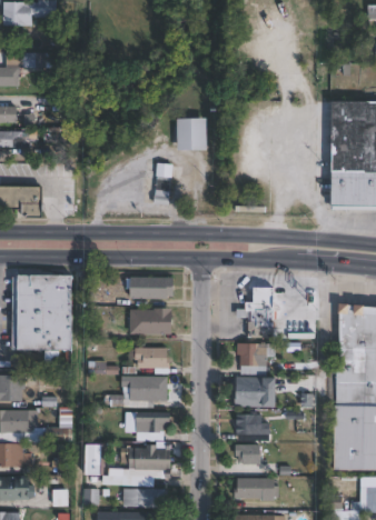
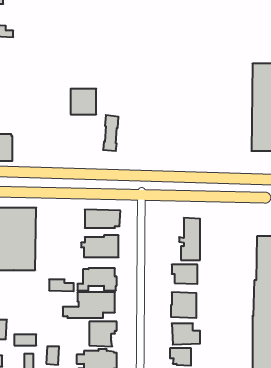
building: [175,118,206,149] -> [71,89,96,114]

